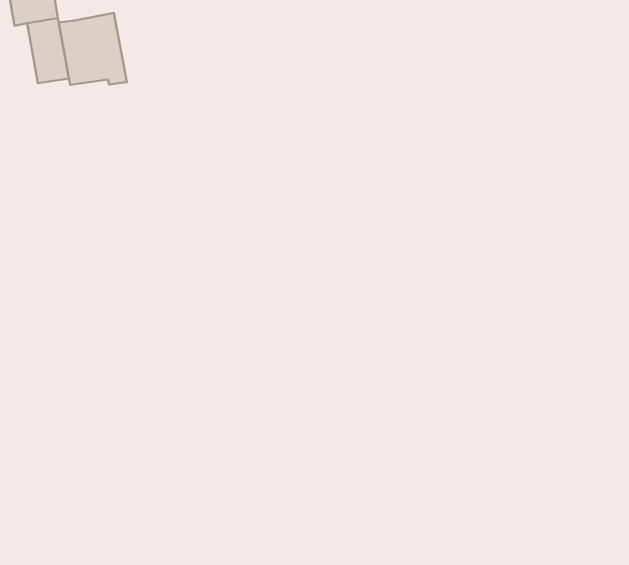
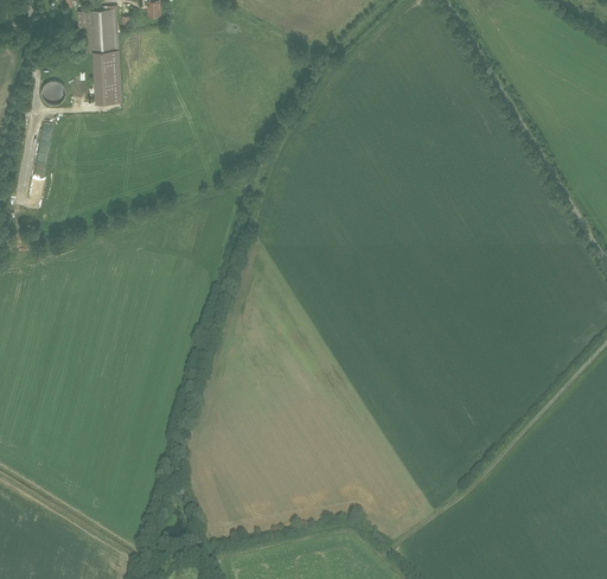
building: [59,13,127,85] -> none

